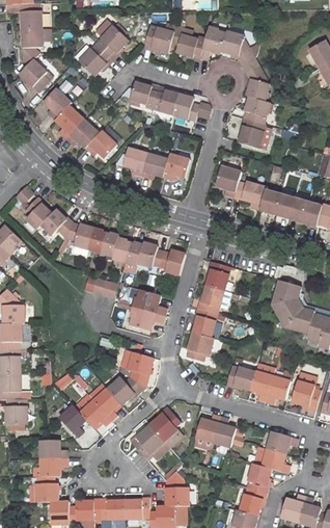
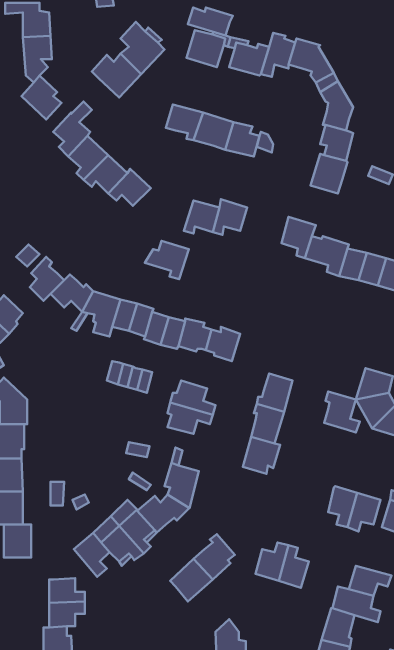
building: none -> [188,7,233,35]
building: [116,148,149,177] -> [145,241,189,279]
building: [207,261,233,292] -> [324,391,360,433]
building: [226,365,255,390] -> none

